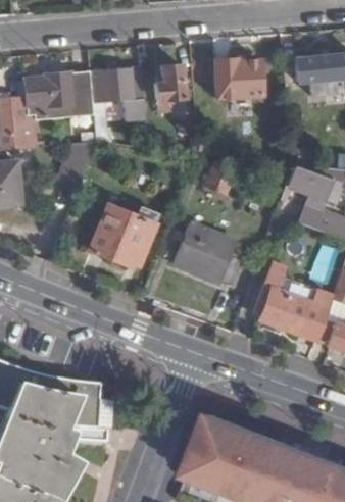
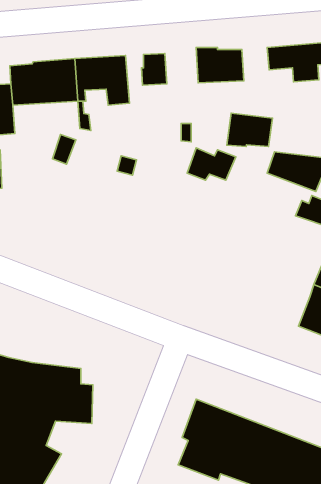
building: none -> [227,113,273,147]
building: [88,205,153,266] -> none
building: [175,224,243,287] -> none
building: [256,282,328,341] -> none

